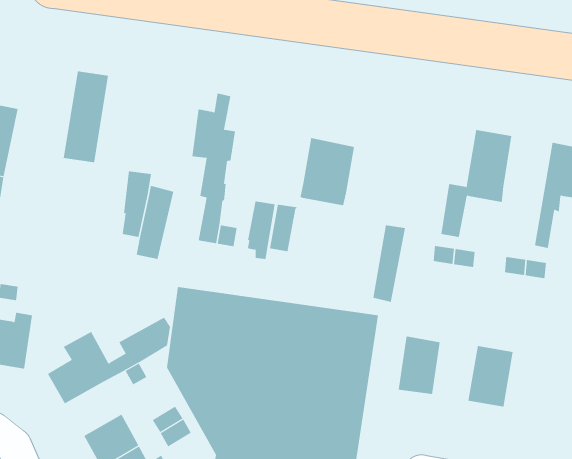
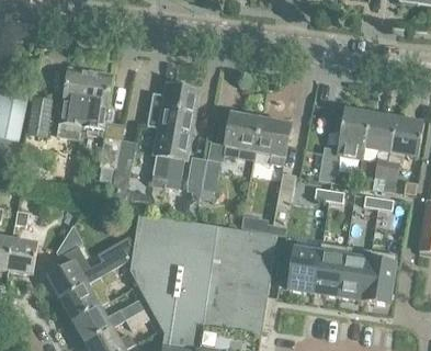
building: none -> [82,69,114,127]
building: none -> [171,83,200,158]
building: none -> [27,95,54,136]
building: none -> [364,111,397,186]
building: none -> [256,118,292,165]
building: none -> [315,242,347,294]
building: none -> [364,250,396,302]
building: none -> [60,281,100,318]

